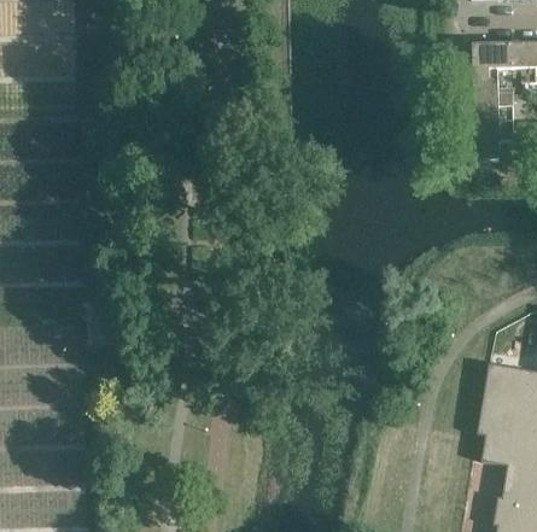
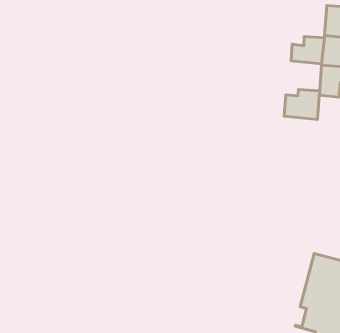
building: none -> [291,36,324,64]
building: none -> [284,89,320,120]

